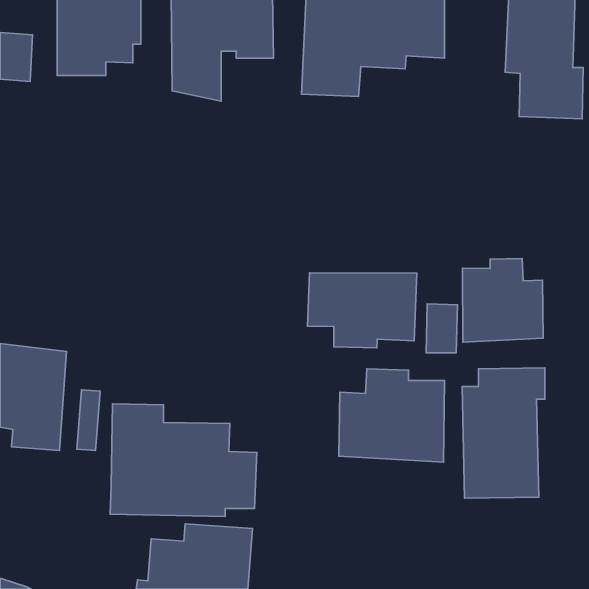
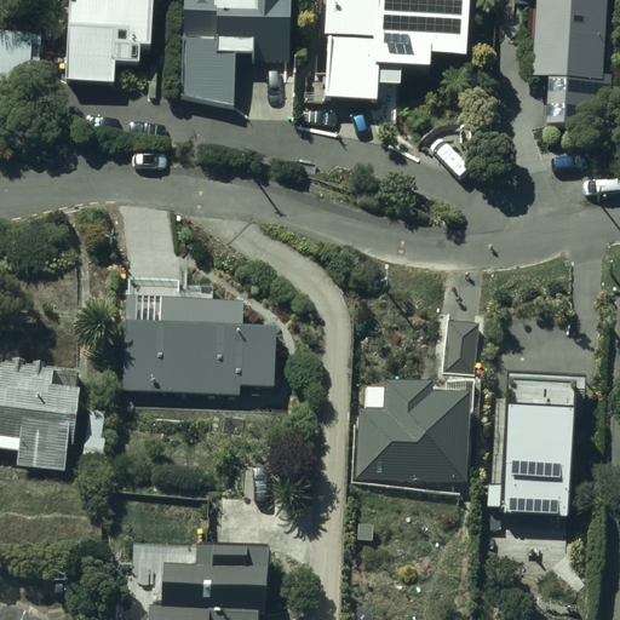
building: [462,259,543,342] -> none
building: [307,273,417,348] -> none
building: [110,404,257,517] -> [122,277,275,395]

